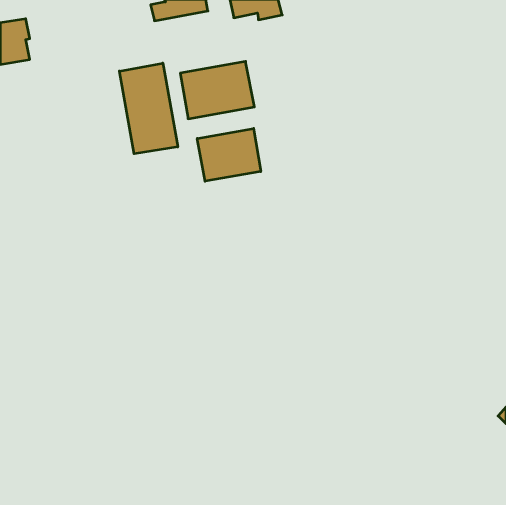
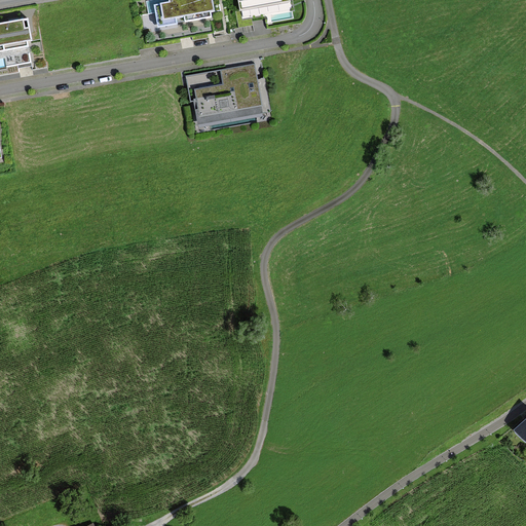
building: [119,63,178,154] -> none
building: [197,128,261,181] -> none

